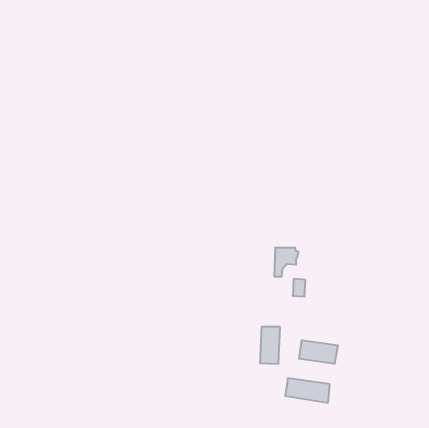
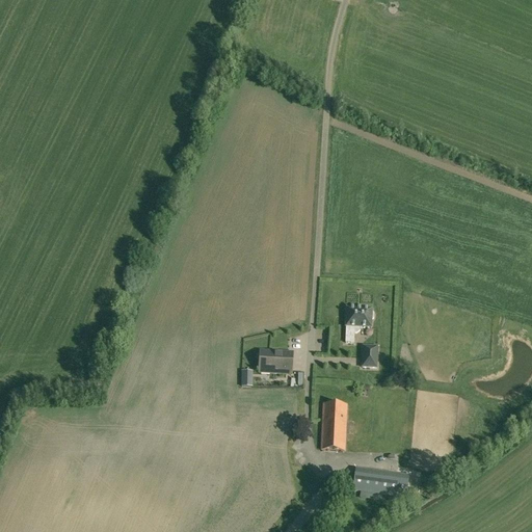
building: none -> [260,349,293,372]
building: [299,340,338,364] -> none

